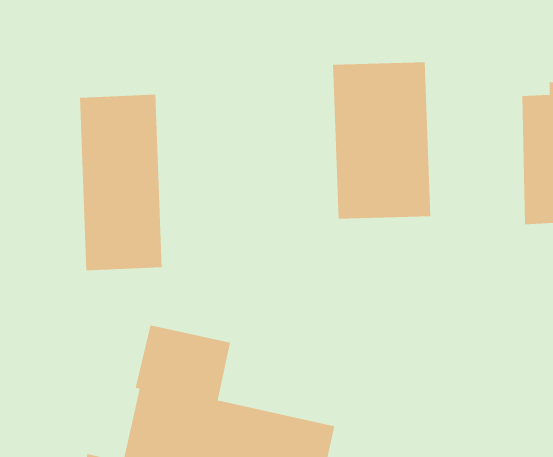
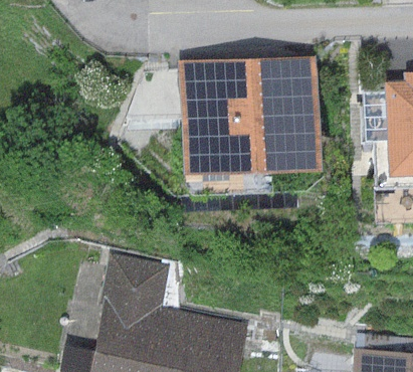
building: none -> [178,59,250,175]
building: [80,94,162,271] -> none

